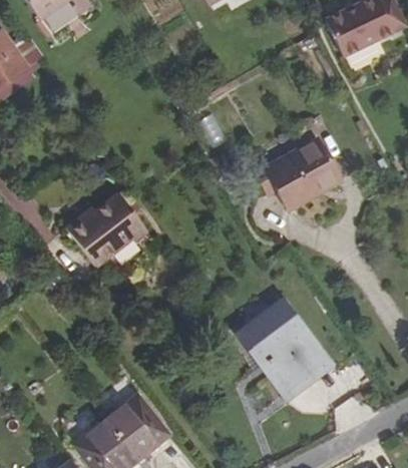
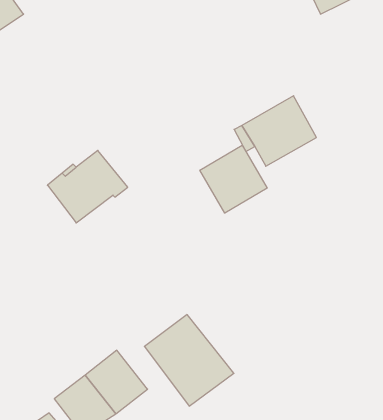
building: none -> [200,145,267,213]
building: [241,304,331,396] -> [144,315,234,406]

